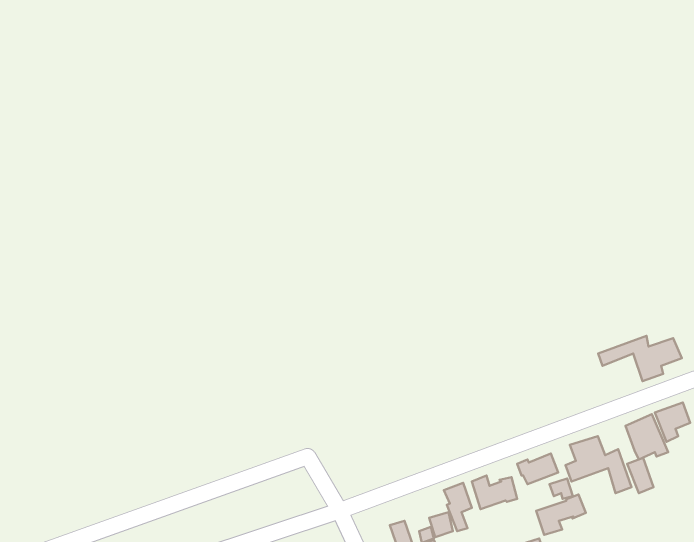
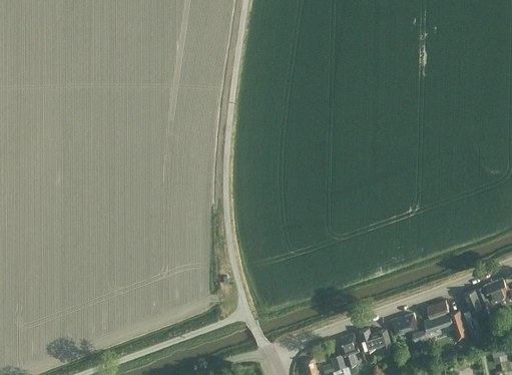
building: [598,336,682,381] -> none
building: [536,495,586,535] -> none

